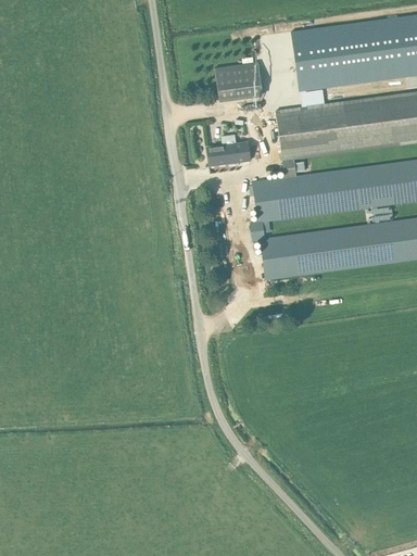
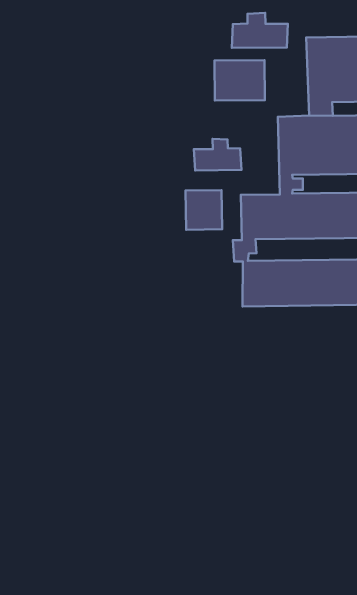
building: none -> [232,13,288,48]
building: none -> [186,190,222,230]

